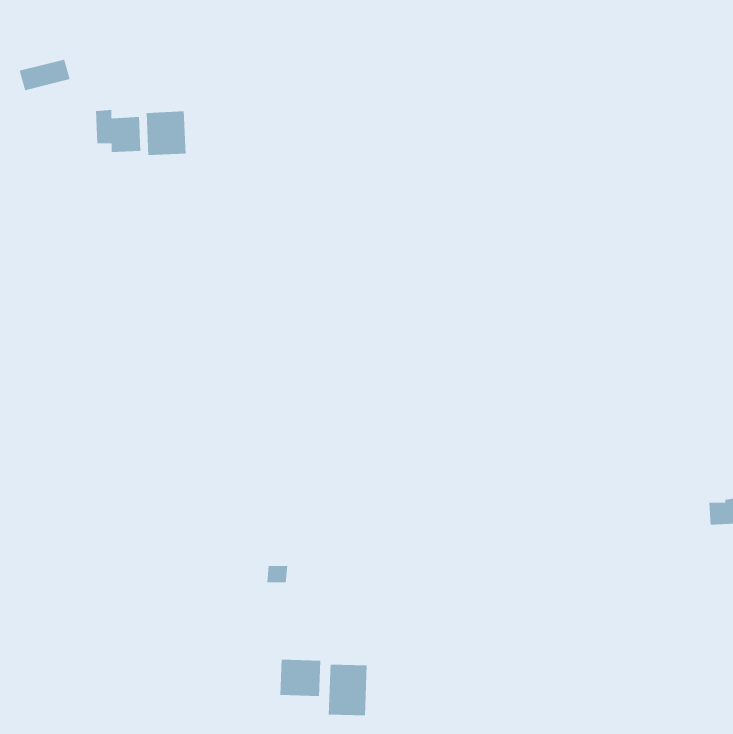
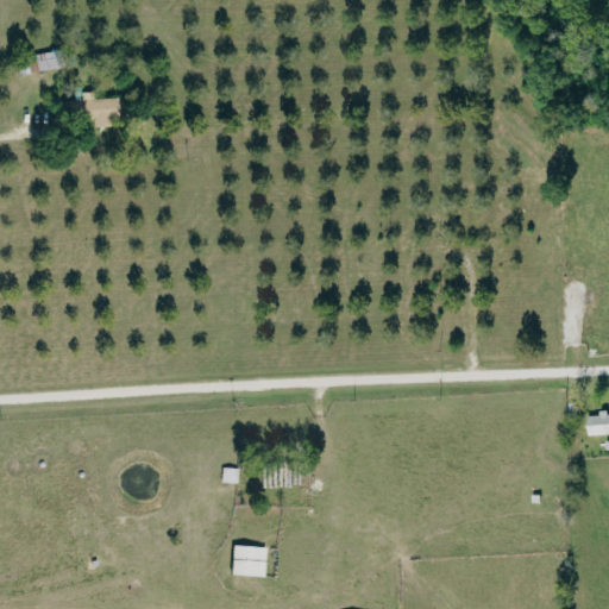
building: [146,111,186,156] -> none
building: [328,664,367,716] -> none

